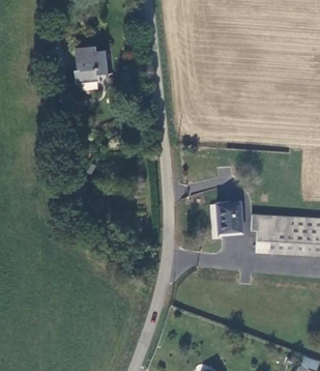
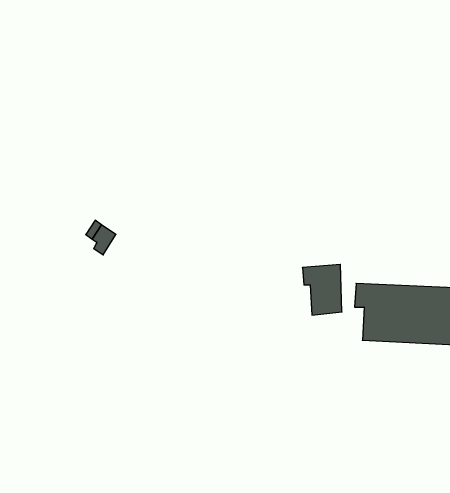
building: [75,47,113,84] -> none

